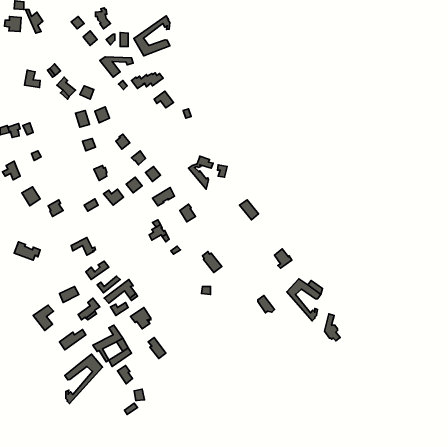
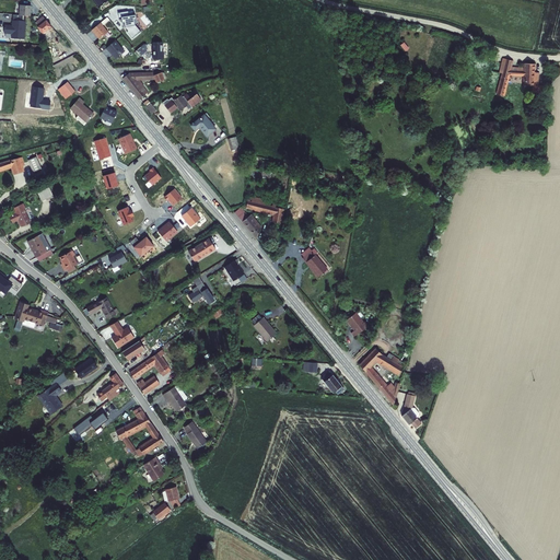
building: [134,16,170,56] -> none
building: none -> [500,58,538,94]
building: [65,354,103,404] -> none

